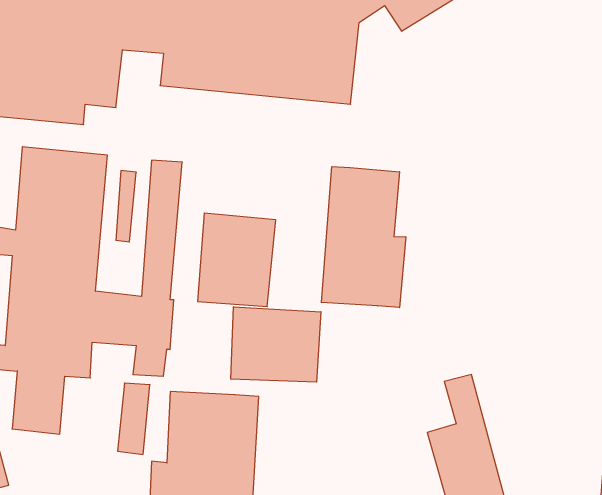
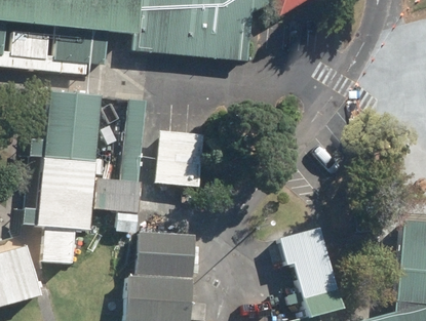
building: [321,167,406,308] -> none
building: [231,307,321,382] -> none

